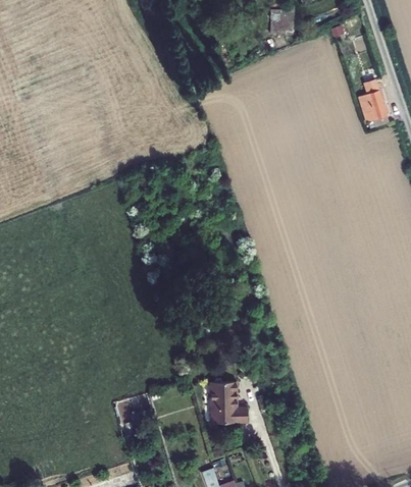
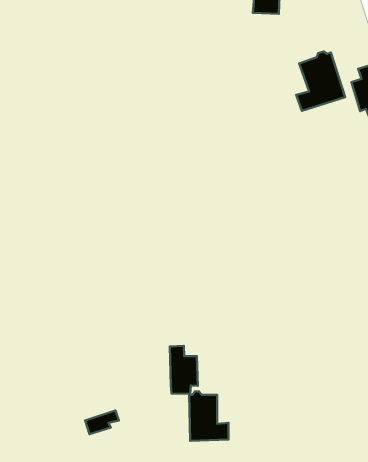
building: none -> [296,51,345,111]
building: none -> [170,346,198,394]

